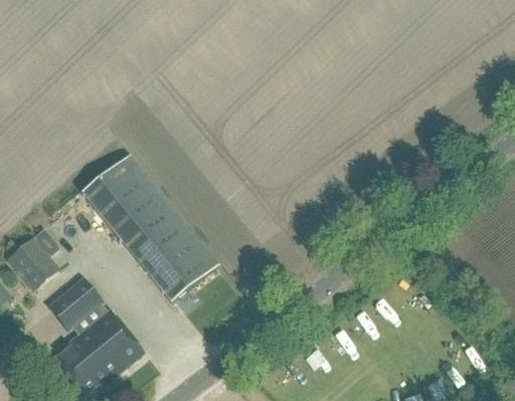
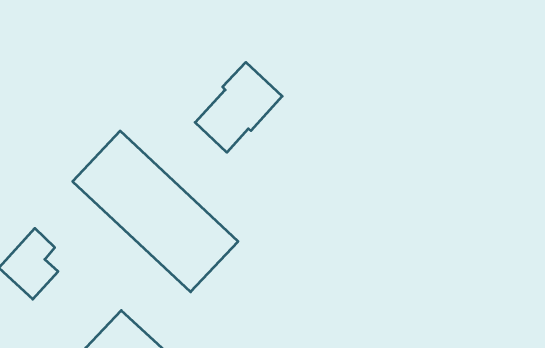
building: none -> [195,62,282,152]
building: [53,277,103,325] -> none

